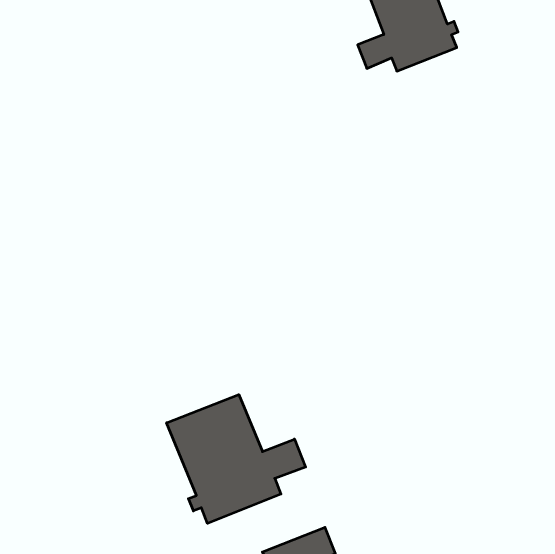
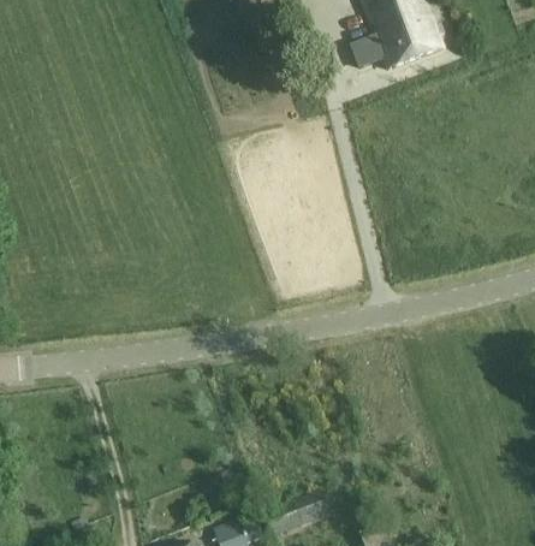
building: [167,395,306,523] -> none

